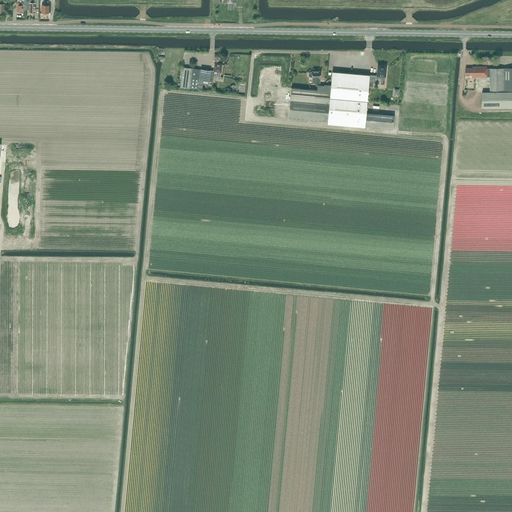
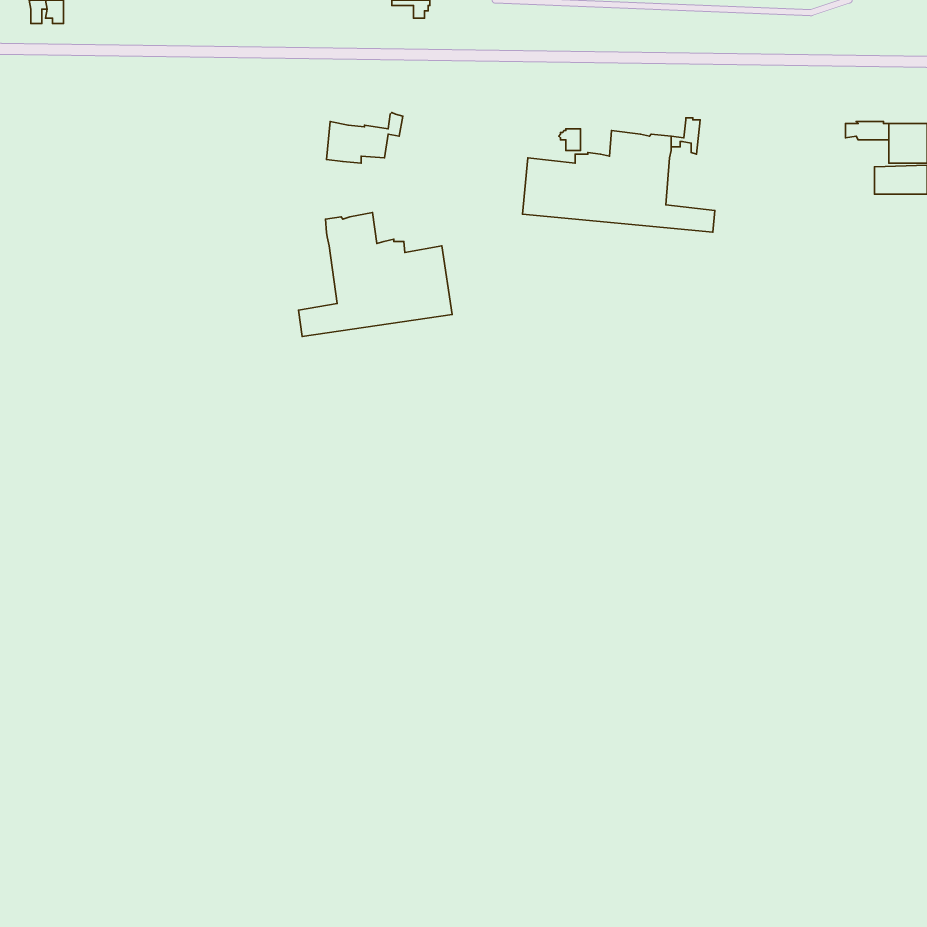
building: none -> [299,213,452,337]

